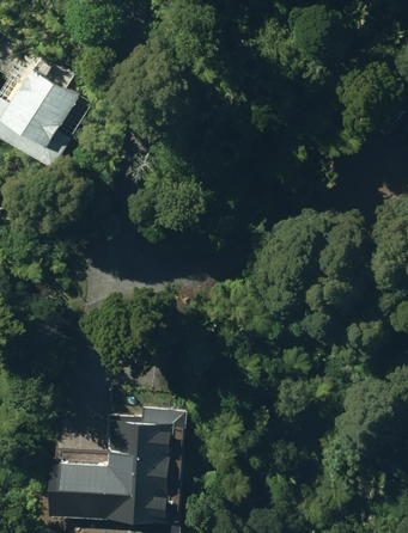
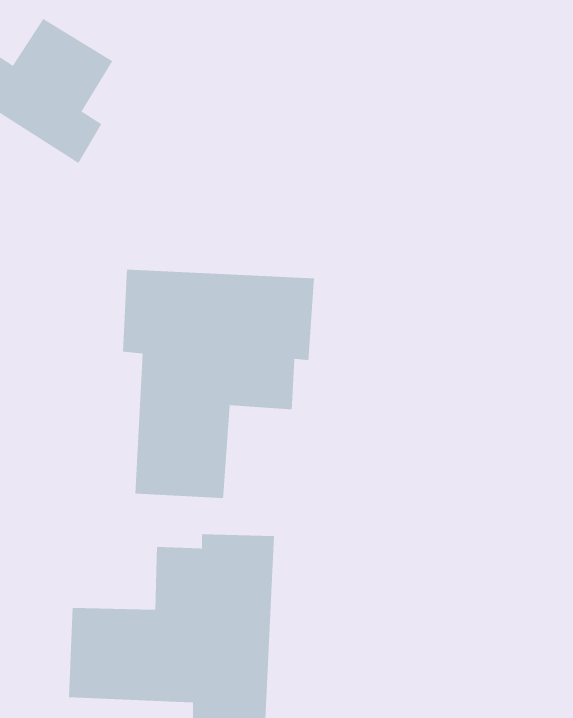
building: none -> [123,269,314,499]

